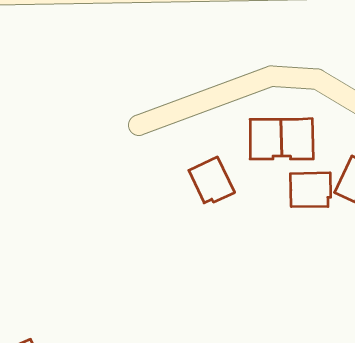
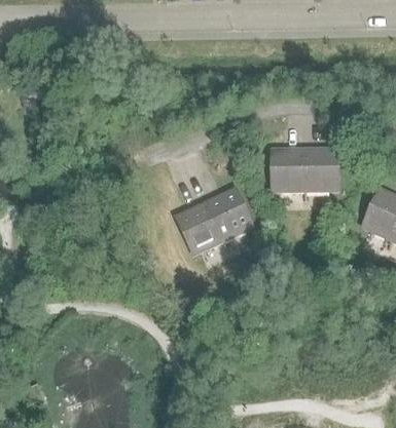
building: none -> [176,202,222,255]
building: [290,173,331,207] -> none

